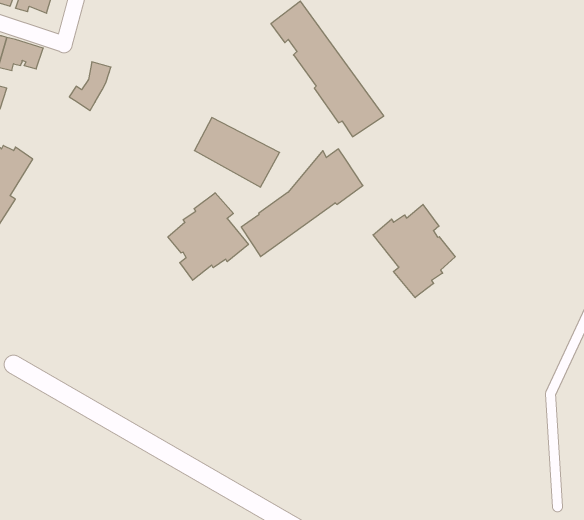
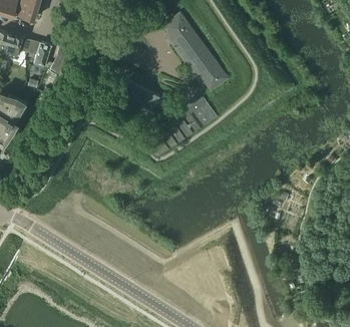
building: none -> [27,40,51,66]
building: [168,193,248,280] -> none
building: [373,204,455,298] -> none

